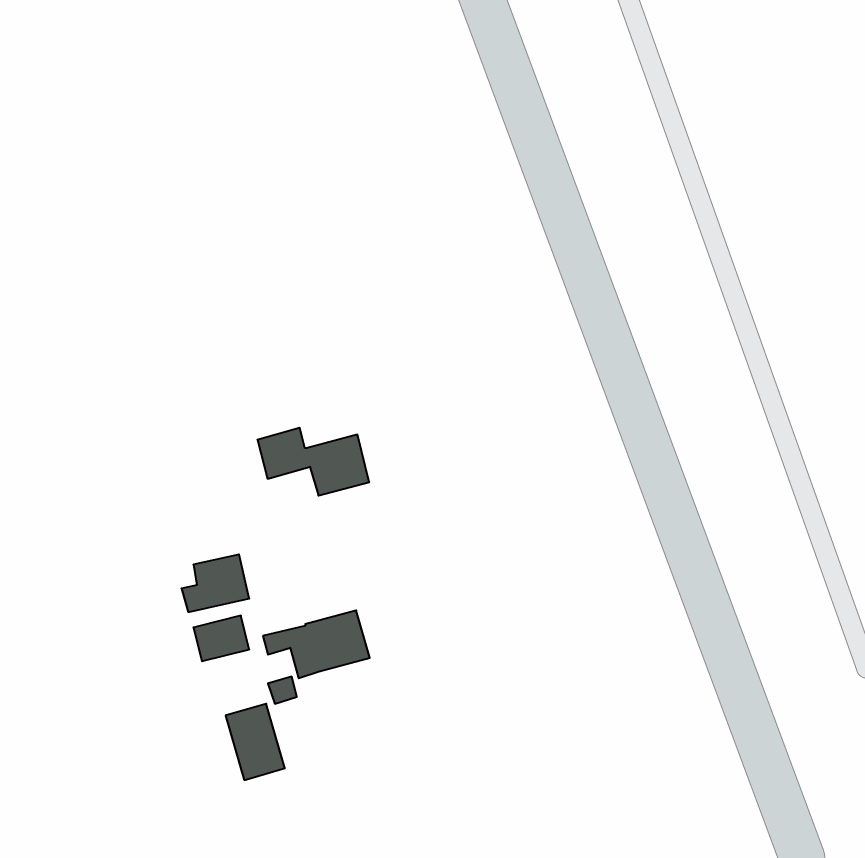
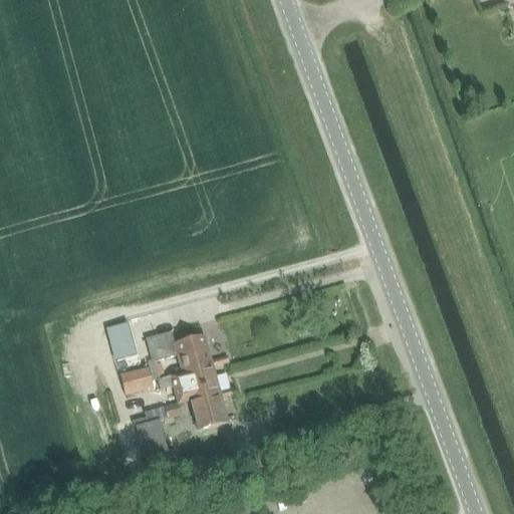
building: [257,428,369,496] -> [146,329,212,369]
building: none -> [190,390,228,427]

